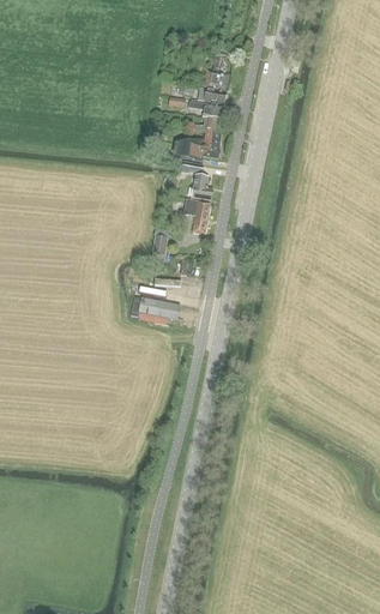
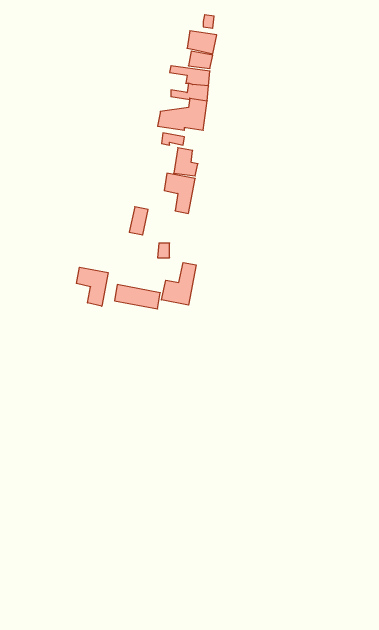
building: none -> [161,263,196,305]
building: none -> [76,267,108,306]

